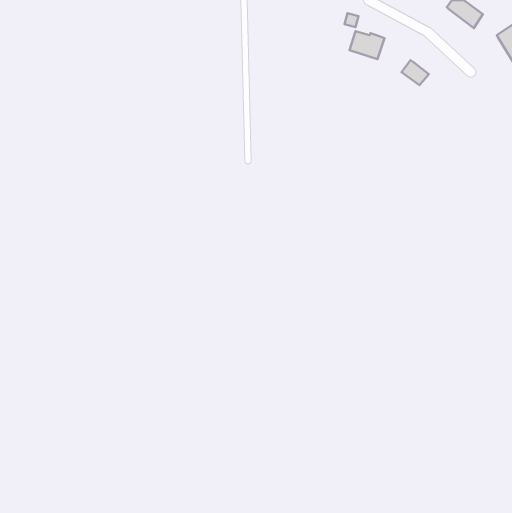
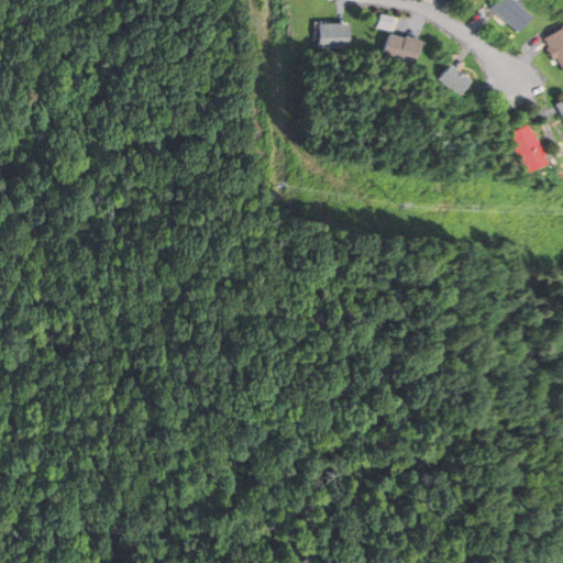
building: none -> [319,25,347,46]
building: none -> [511,126,545,170]

